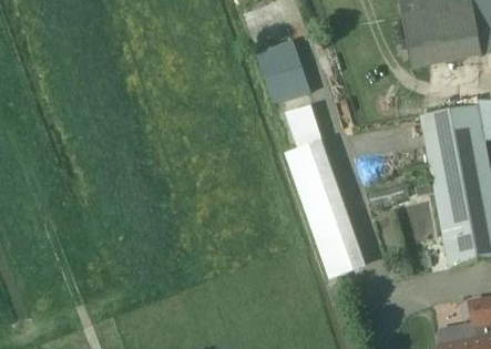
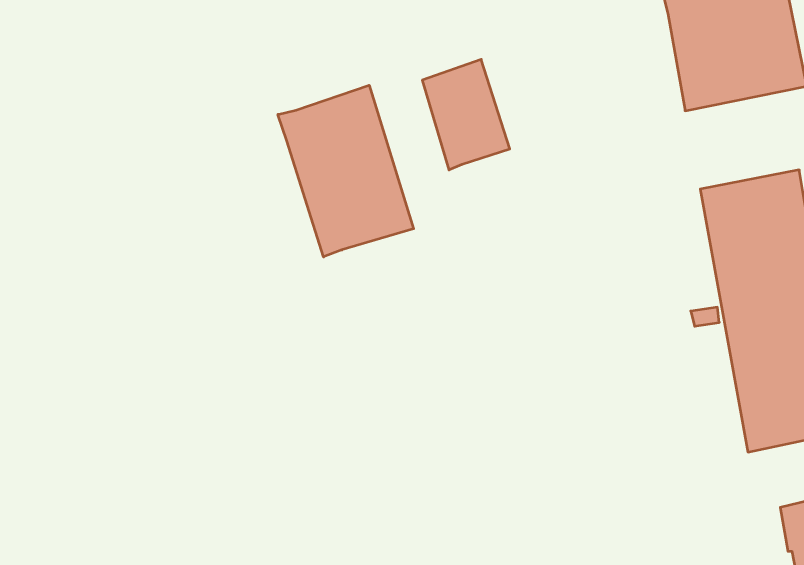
building: none -> [278,85,414,257]
building: [285,102,366,279] -> none

